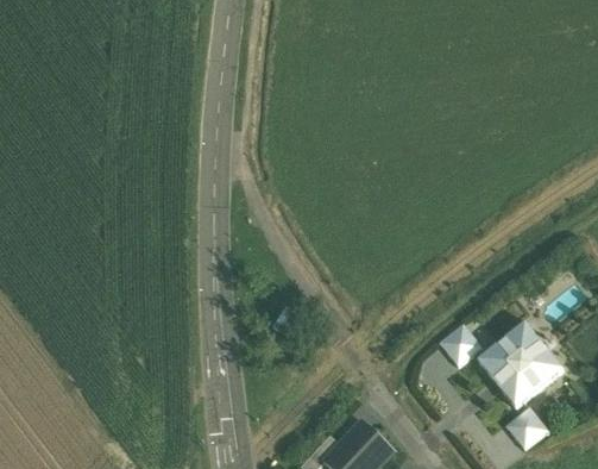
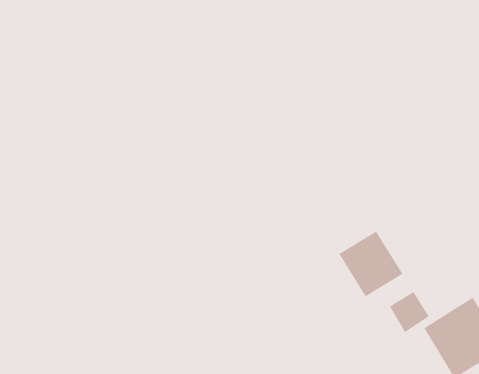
building: none -> [338,231,403,297]

